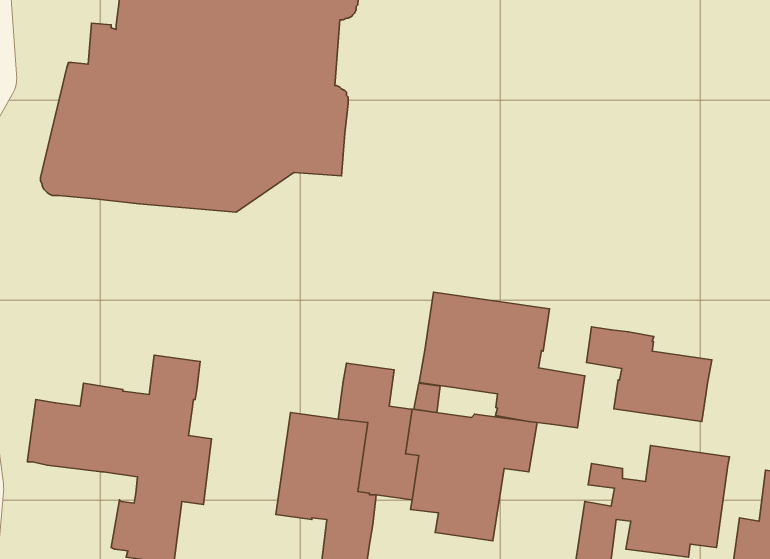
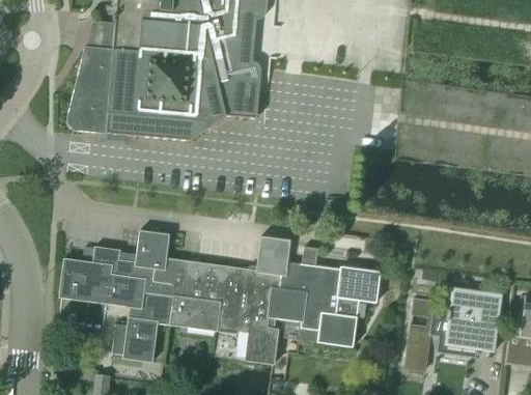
building: [419,292,585,428] -> none
building: [586,327,712,422] -> none
building: none -> [161,258,225,331]

